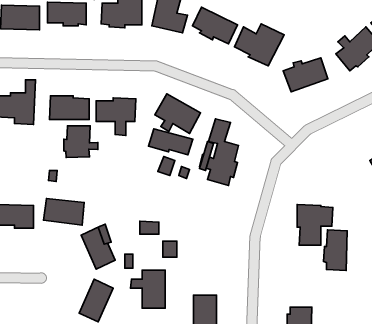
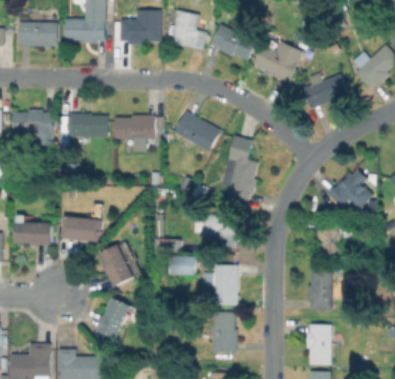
building: [64,126,98,157] -> none
building: [149,129,193,155] -> none
building: none -> [328,172,373,210]
building: none -> [202,215,235,247]
building: [323,230,347,271] -> [307,269,331,310]
building: [130,270,165,308] -> [203,268,238,306]

